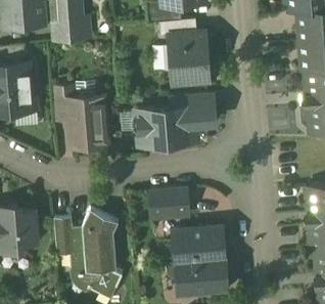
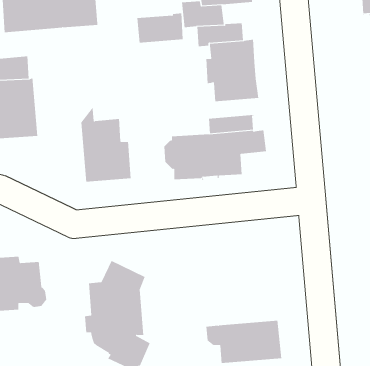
building: [51,19,89,44] -> [136,13,184,43]
building: [149,187,188,219] -> none
building: [54,218,74,256] -> none
building: [173,227,224,262] -> none

